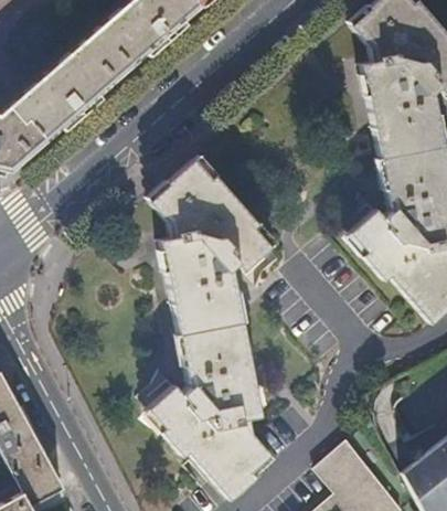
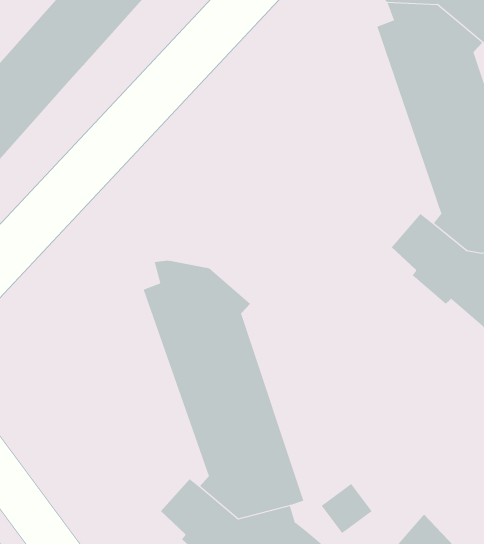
building: [150,157,270,268] -> none

